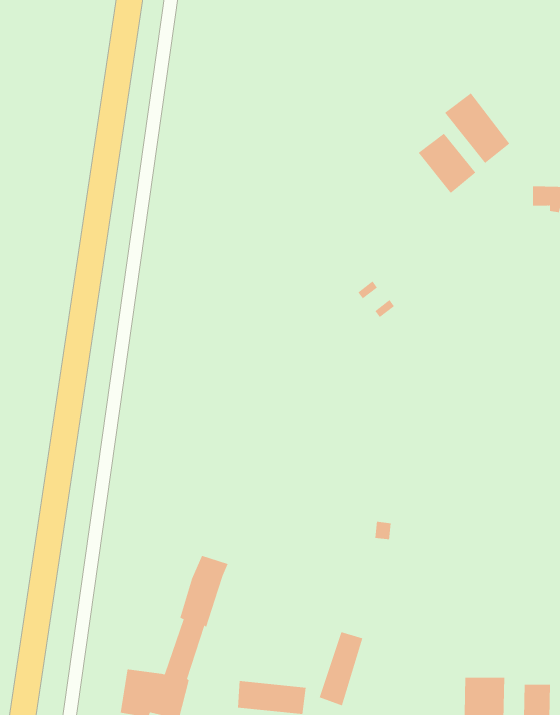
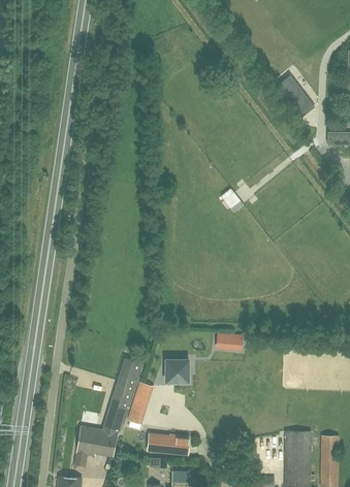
building: [418,133,476,194] -> none
building: none -> [166,358,189,381]
building: [319,631,363,706] -> [127,379,154,424]

